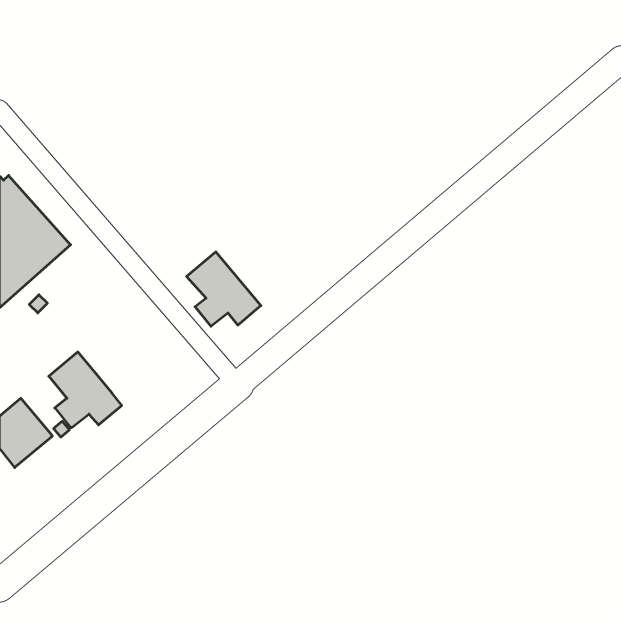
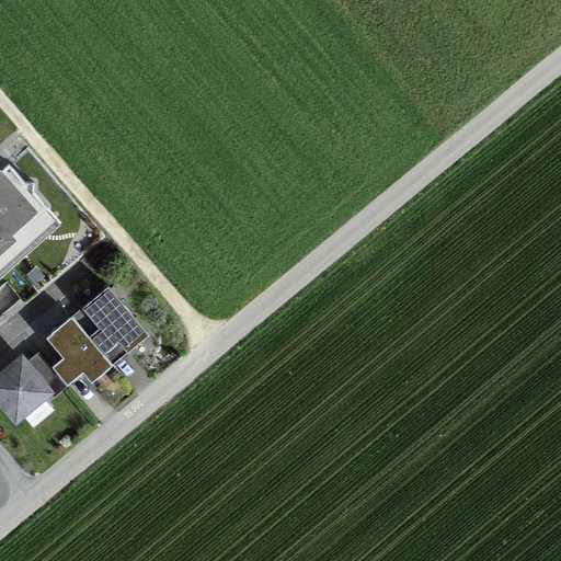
building: [187,252,261,326] -> [79,288,146,355]

